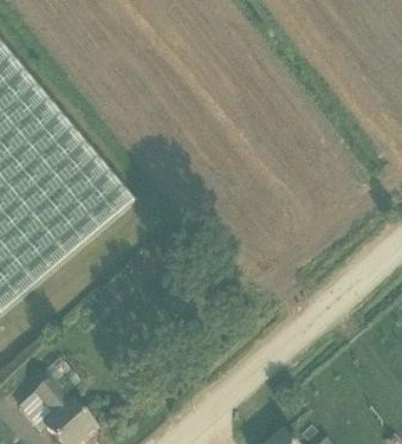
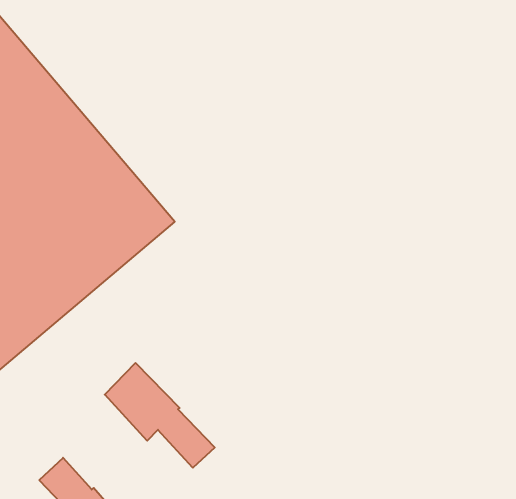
building: none -> [105,363,215,468]

